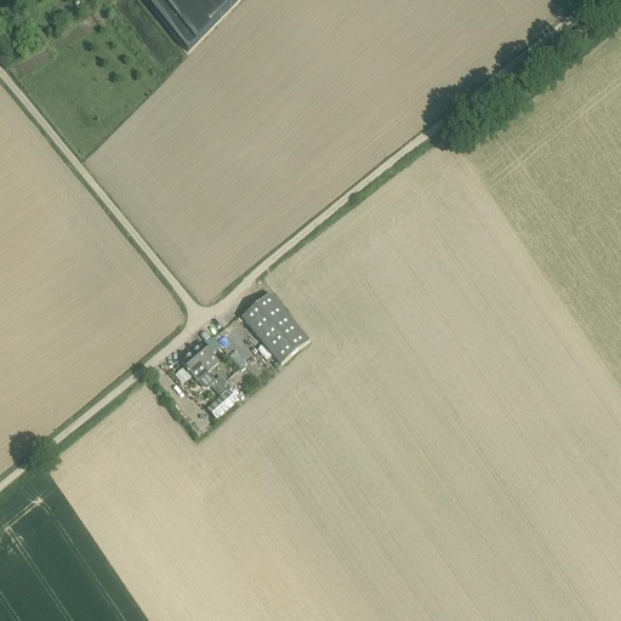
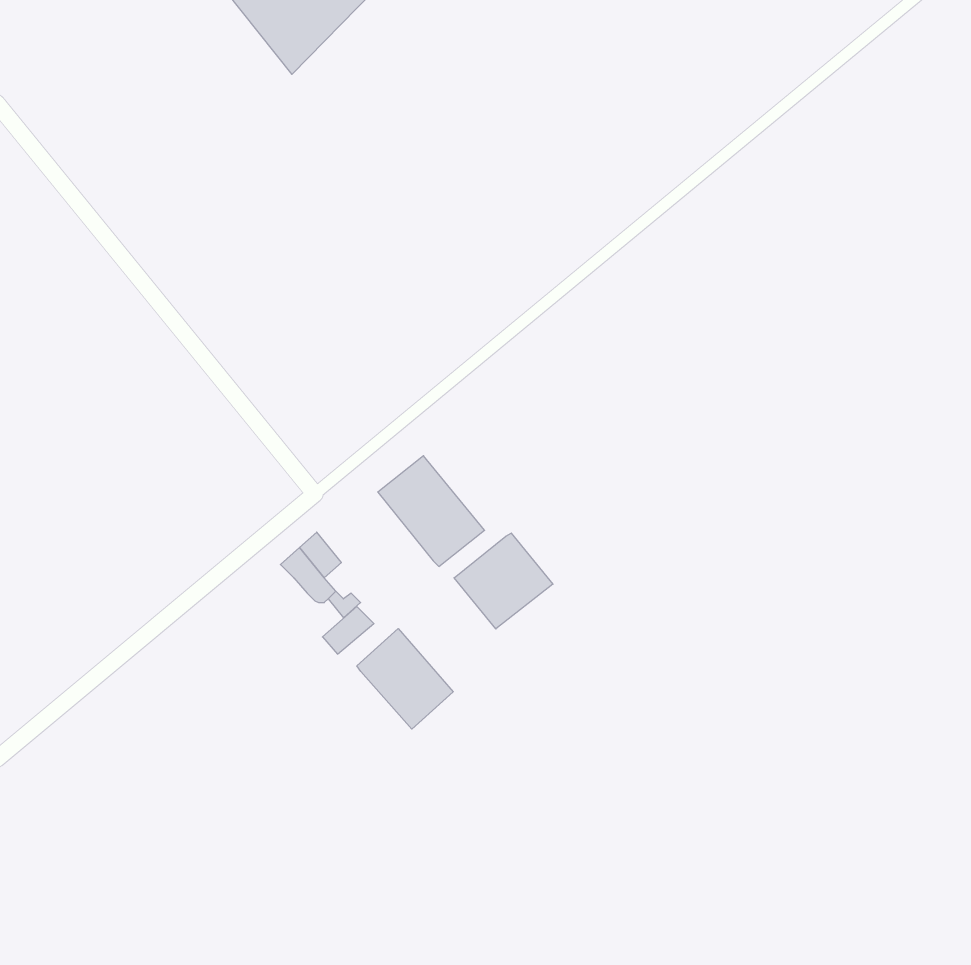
building: none -> [454,533,553,629]
building: none -> [357,629,453,729]

